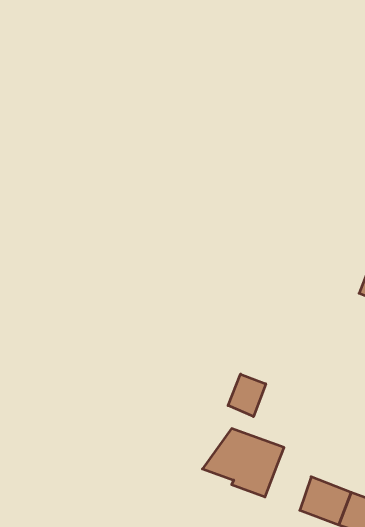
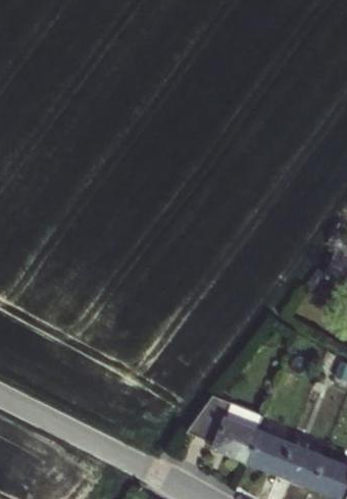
building: [228,374,266,417] -> none
building: none -> [248,434,290,476]

